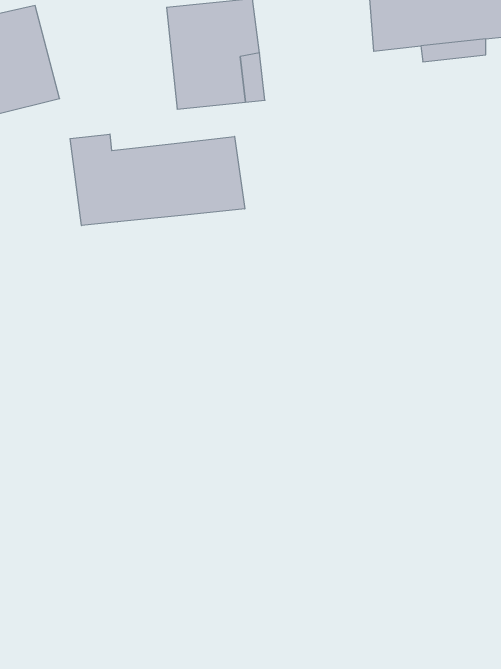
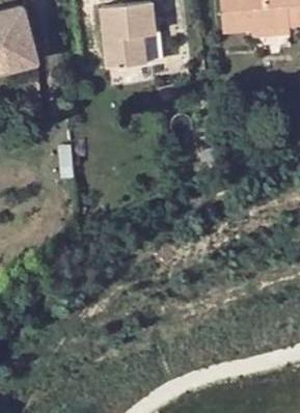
building: [70,134,245,226] -> none

